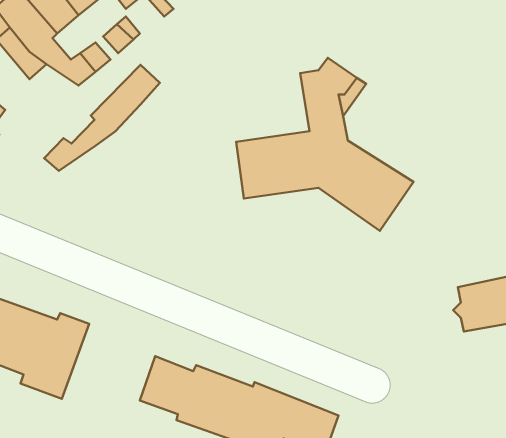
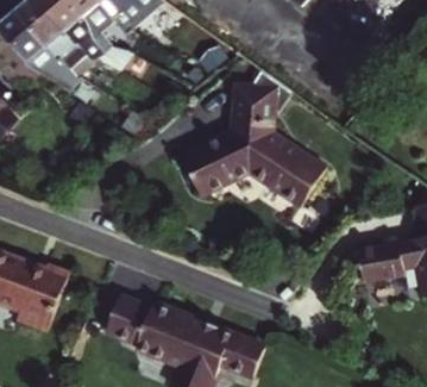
building: [44,65,160,171] -> none

